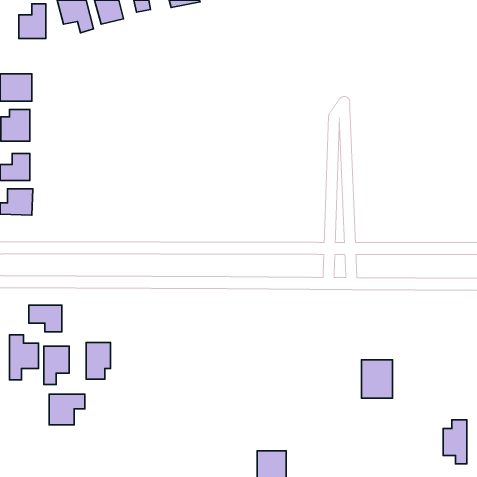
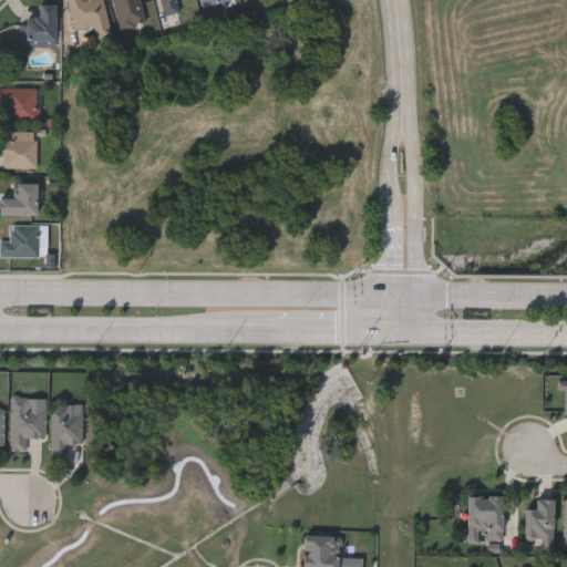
building: [29,305,62,332] -> none
building: [86,343,111,379] -> none
building: [362,360,392,398] -> [467,495,504,540]
building: [49,394,85,425] -> none

